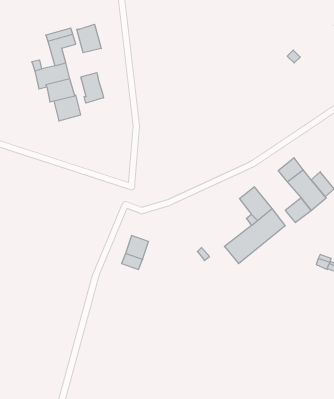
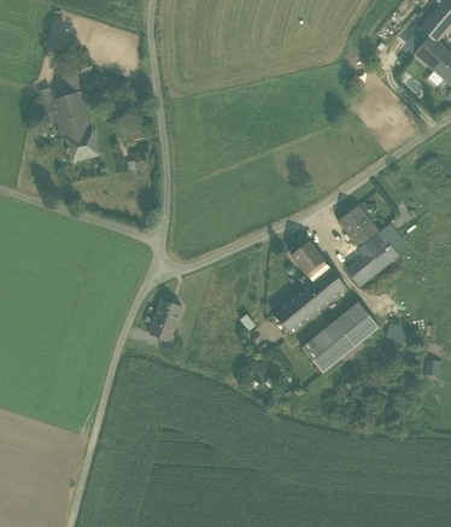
building: [77,24,101,53] -> none
building: [81,73,103,103] -> none
building: none -> [299,301,376,373]

